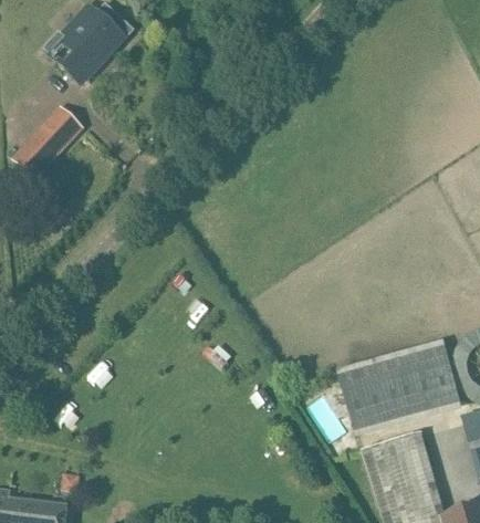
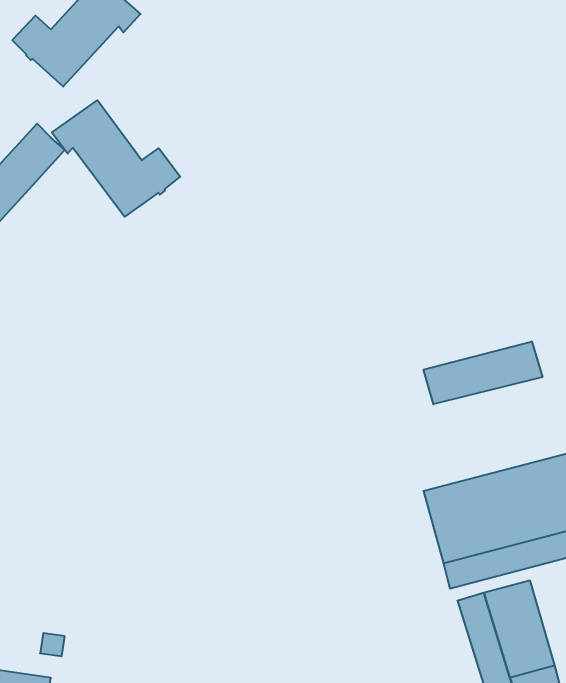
building: none -> [52,100,180,217]
building: none -> [424,341,542,404]

